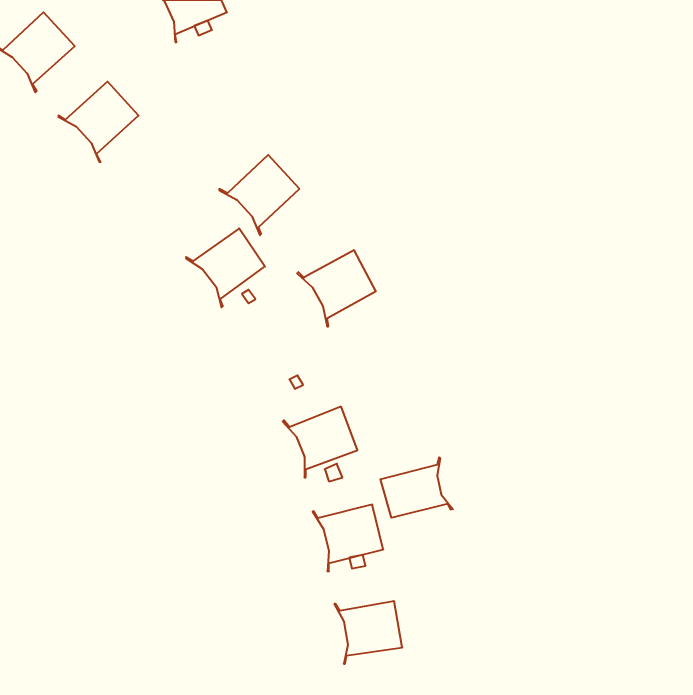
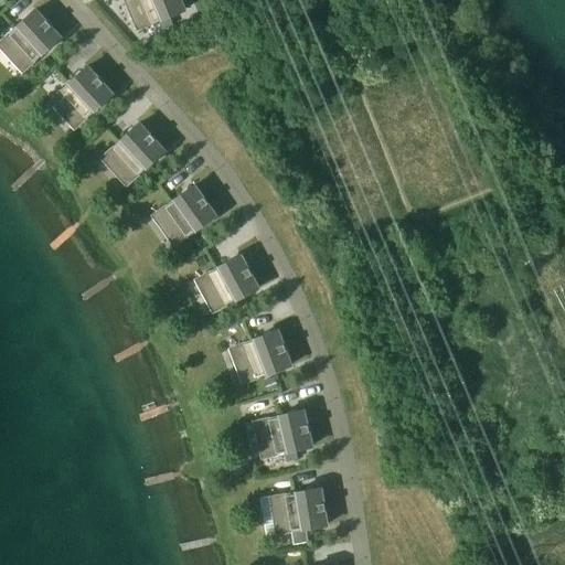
building: [219,155,299,235] -> [99,124,164,189]
building: [297,250,376,326] -> [194,255,258,317]
building: [380,457,453,518] -> none

